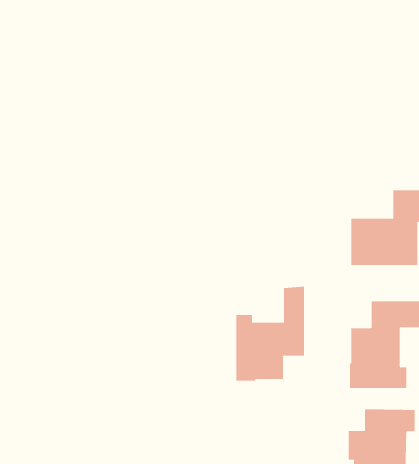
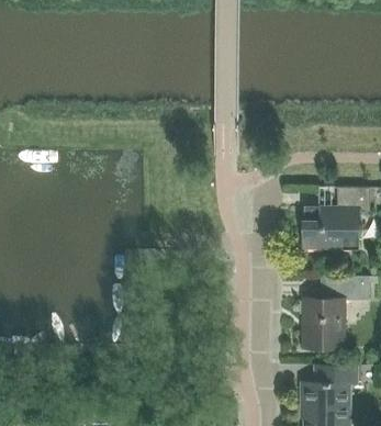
building: [236,286,305,381] -> none

